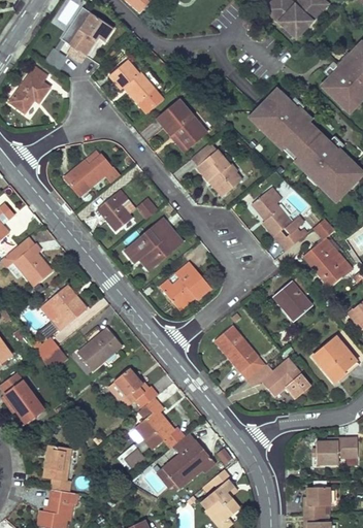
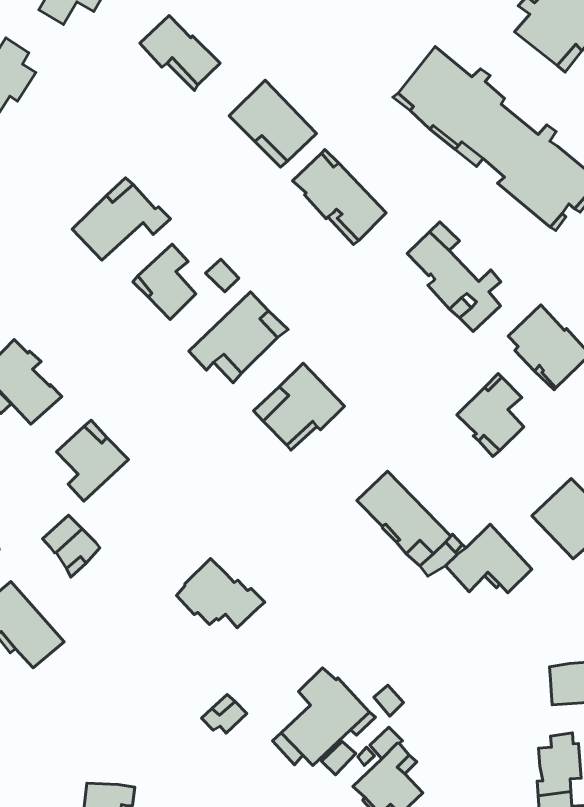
building: [78,328,123,371] -> none
building: [135,398,185,450] -> none
building: [44,446,71,492] -> none

